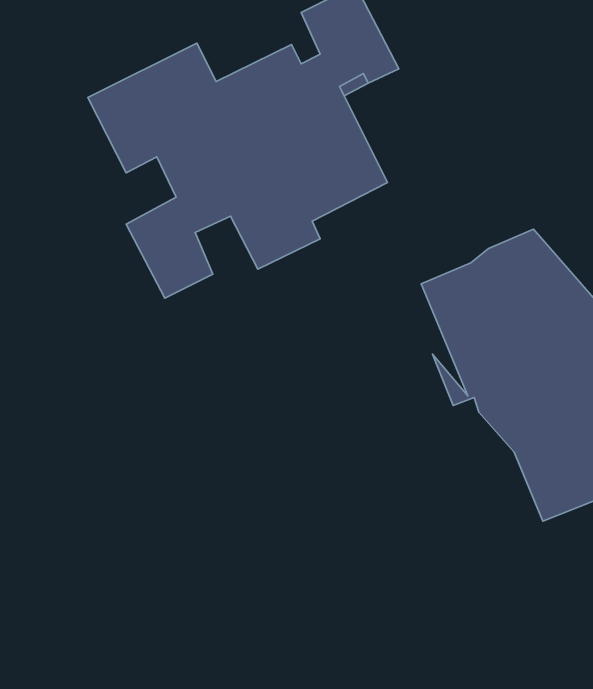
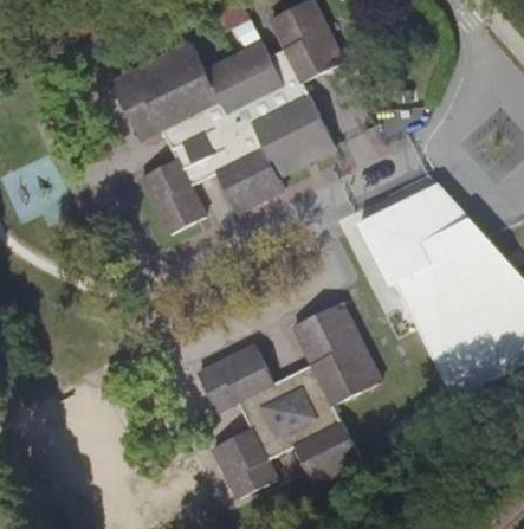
building: none -> [198,301,381,496]

